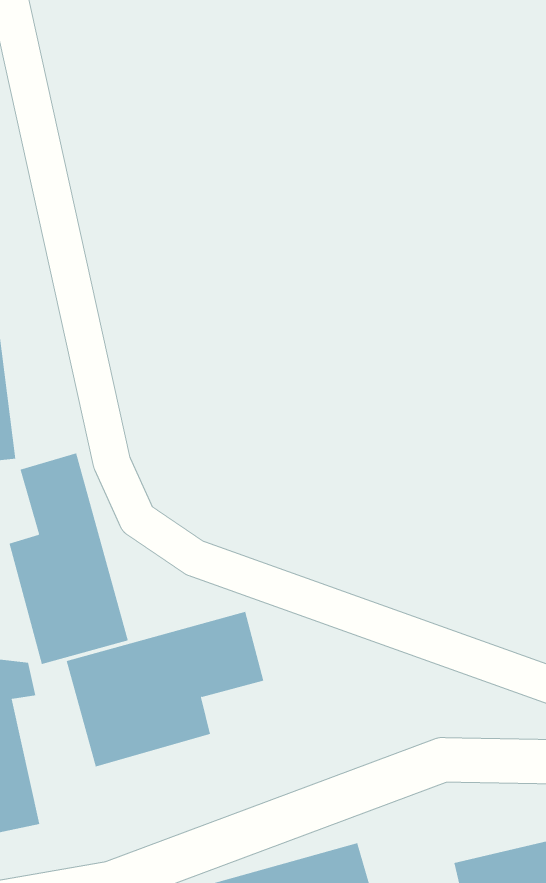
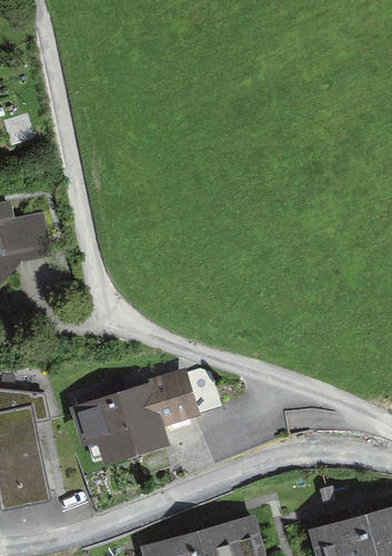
building: [9,453,128,665] -> none

